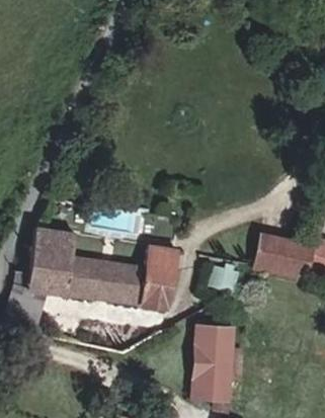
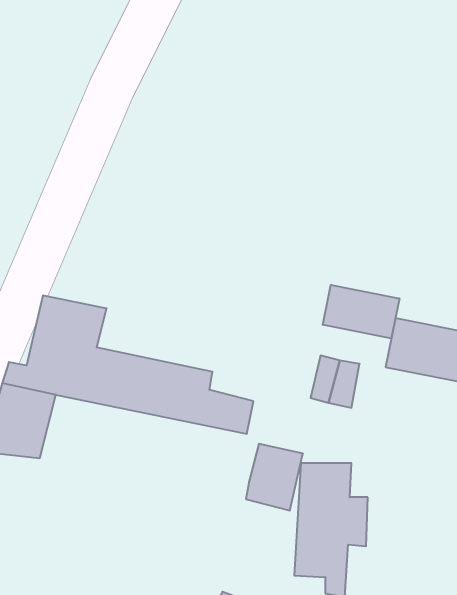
building: none -> [323,285,399,339]
building: [141,248,176,289] -> [246,444,303,511]

